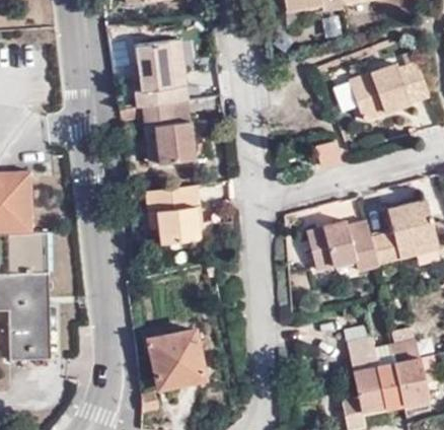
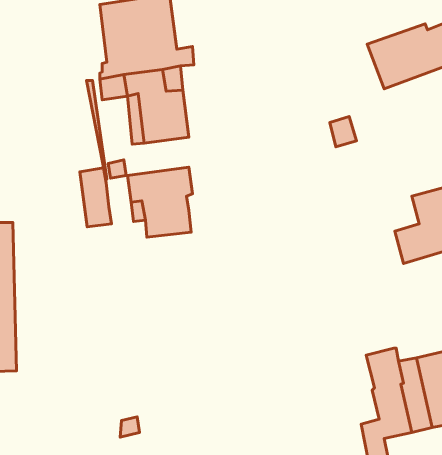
building: none -> [80,168,111,227]
building: [305,221,378,273] -> none
building: [148,330,205,388] -> none

